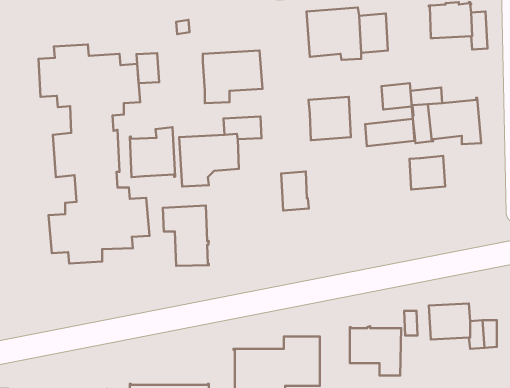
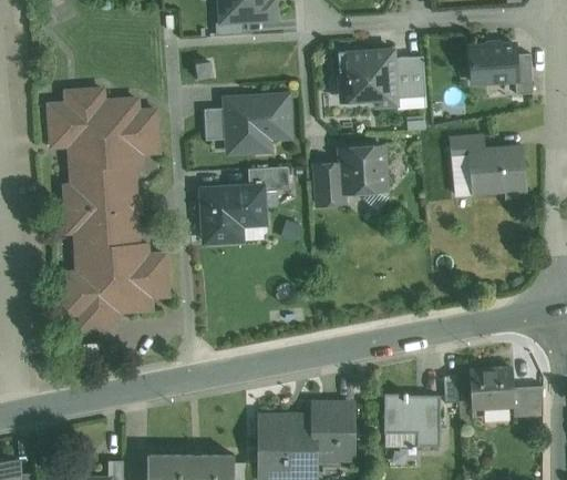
building: [137,53,159,83] -> [204,108,228,140]
building: [381,83,412,109] -> none
building: [365,119,415,146] -> none
building: [130,127,175,177] -> none
building: [409,156,445,190] -> none
building: [281,171,309,211] -> [315,163,344,205]
building: [163,205,209,266] -> none

